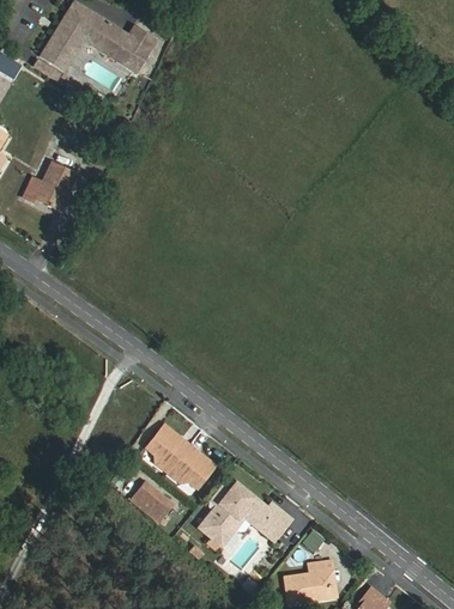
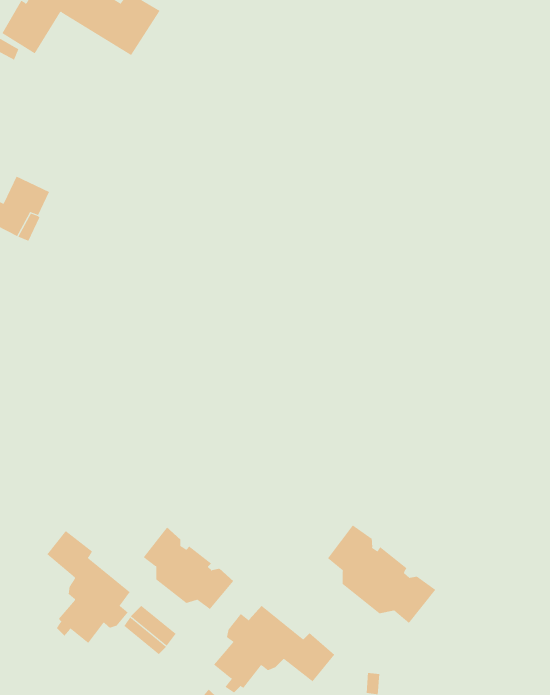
building: none -> [327,524,436,624]
building: none -> [46,530,130,644]

